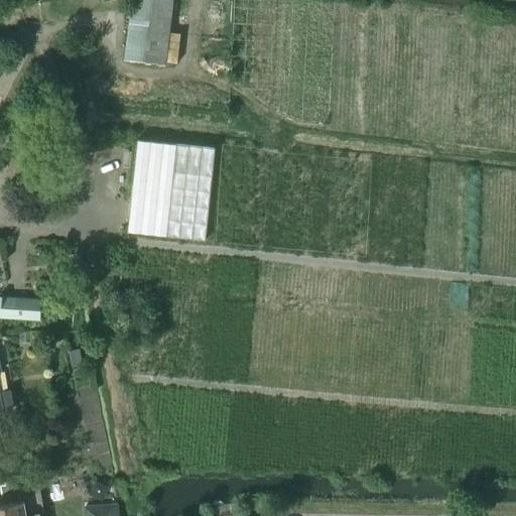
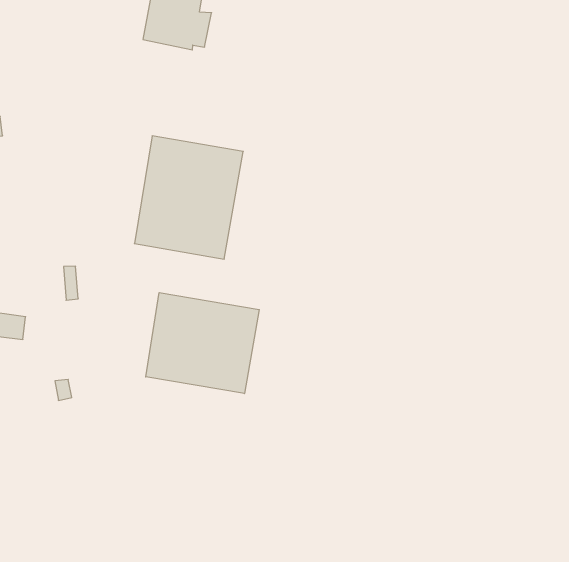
building: none -> [146,293,259,394]

